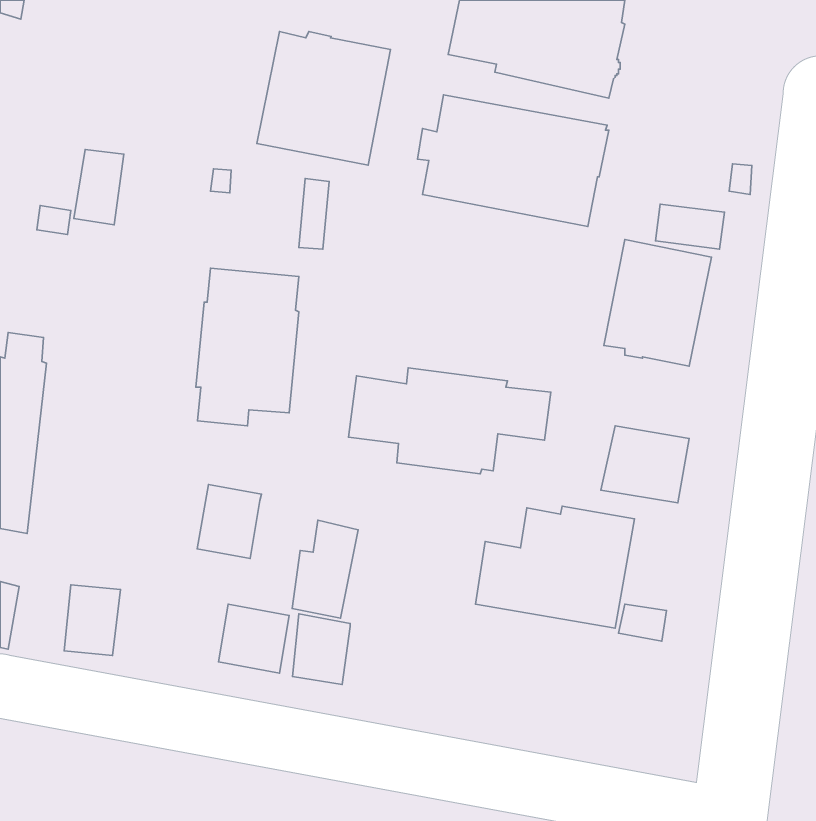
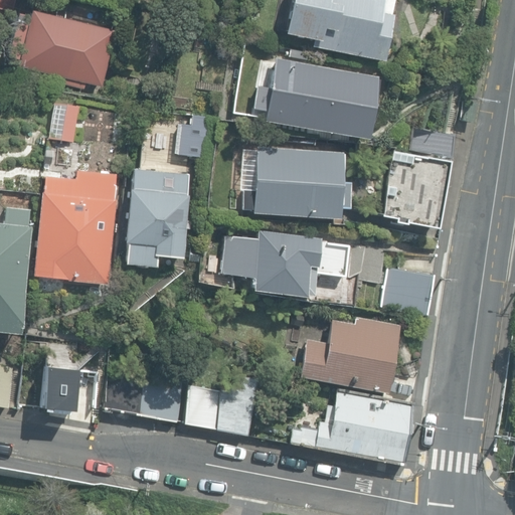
building: none -> [8,11,116,87]
building: [257,32,390,165] -> none
building: none -> [242,146,341,217]
building: none -> [35,171,118,284]
building: [197,485,261,558] -> [107,368,147,414]
building: [292,520,358,618] -> [217,373,259,435]
building: none -> [291,390,414,464]

